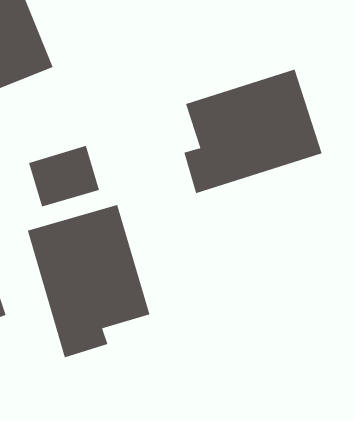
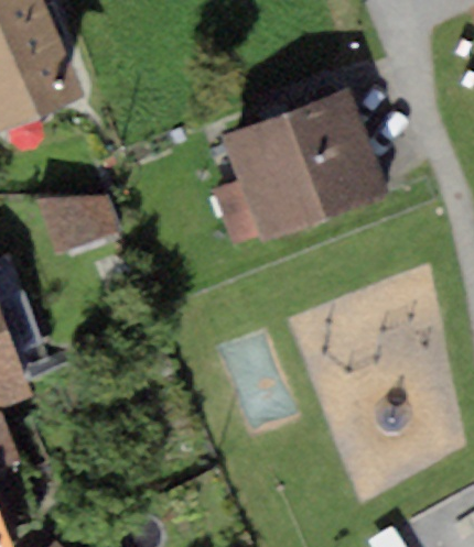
building: [27,204,150,358] -> none

